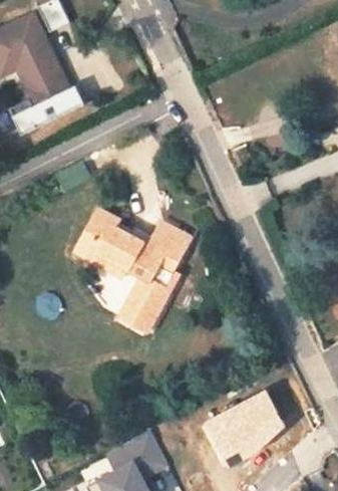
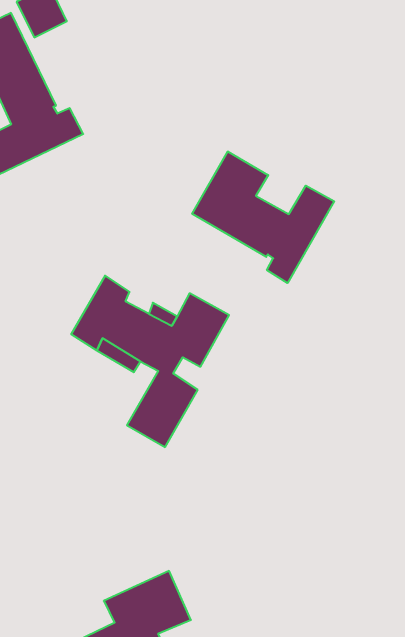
building: none -> [192,151,334,283]
building: [198,390,284,460] -> none

